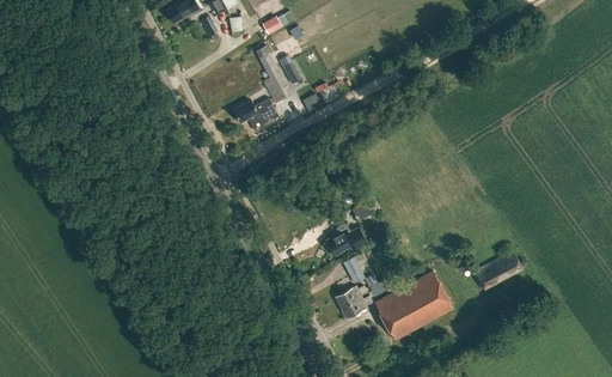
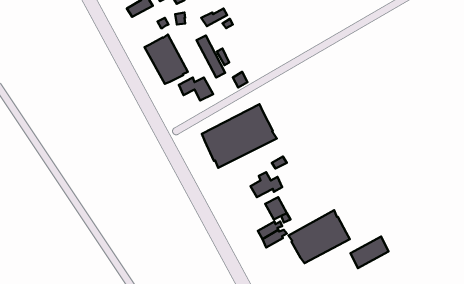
building: none -> [144,35,188,84]
building: none -> [202,104,277,168]
building: [473,250,522,291] -> [350,237,389,268]

